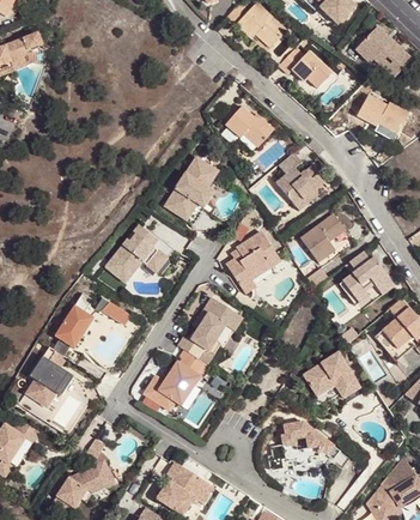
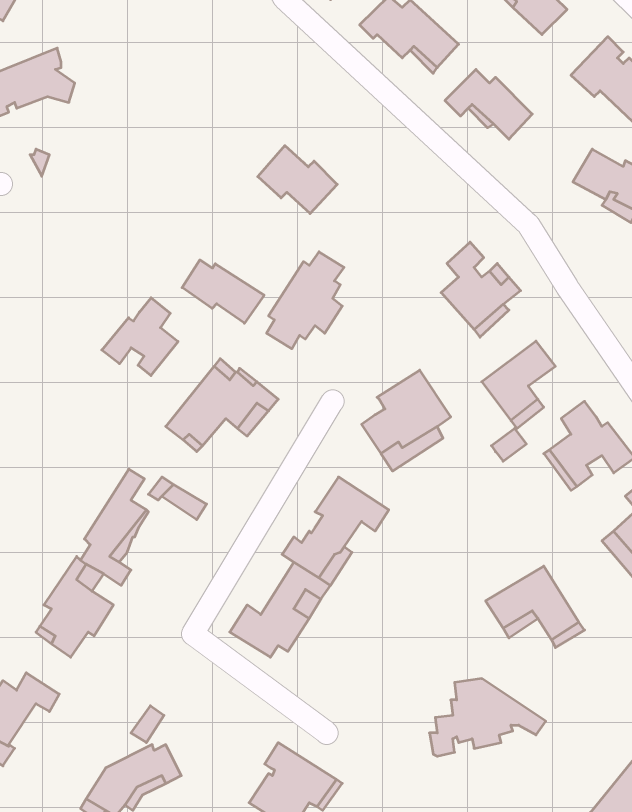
building: [225,105,274,147] -> [258,146,337,214]
building: none -> [182,260,264,323]
building: none -> [102,298,178,376]

